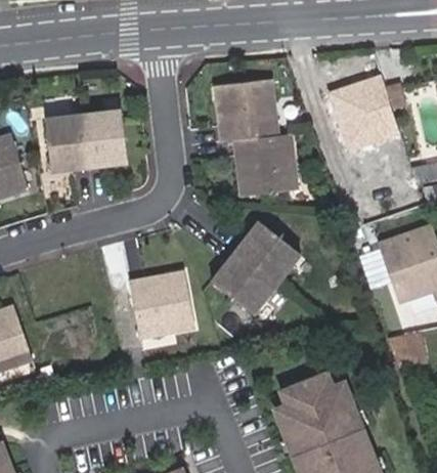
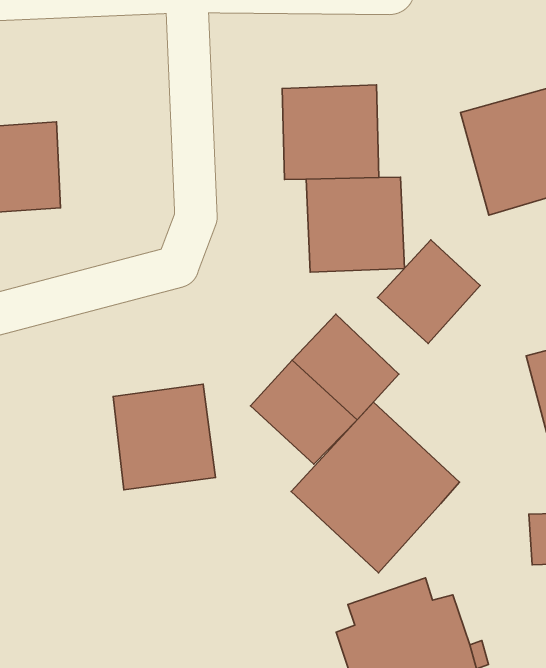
building: [82,112,126,168] -> none
building: none -> [378,240,480,343]
building: none -> [291,402,459,573]

